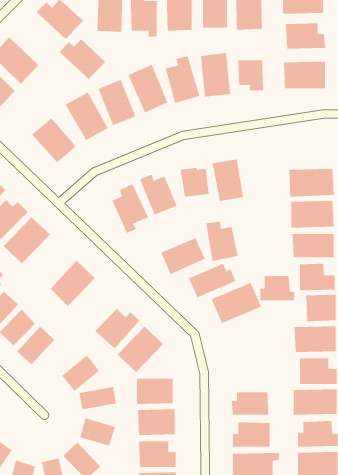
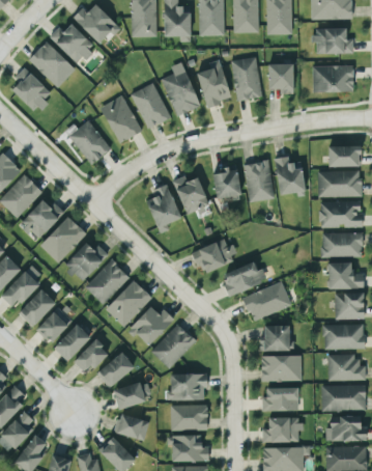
building: [59,38,106,80] -> [49,24,94,64]
building: none -> [327,146,361,167]
building: [205,221,238,261] -> [274,157,306,196]
building: none -> [63,243,108,282]
building: [260,275,295,301] -> [259,326,293,351]
building: none -> [105,280,151,327]
building: none -> [73,339,108,375]
building: none -> [260,355,302,382]

